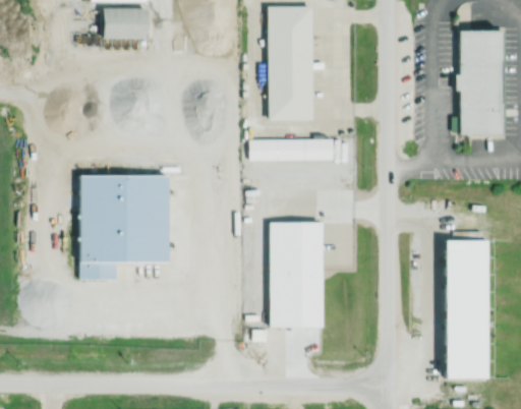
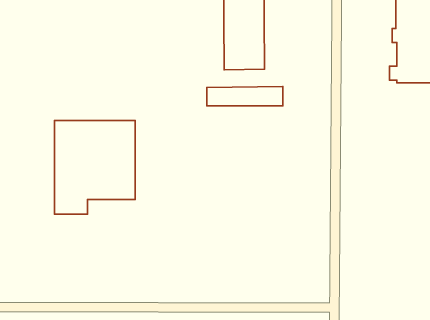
building: [270,223,324,329] -> none
building: [448,241,489,381] -> none

